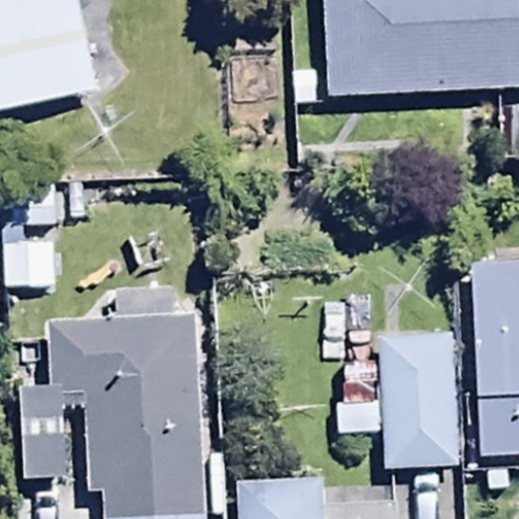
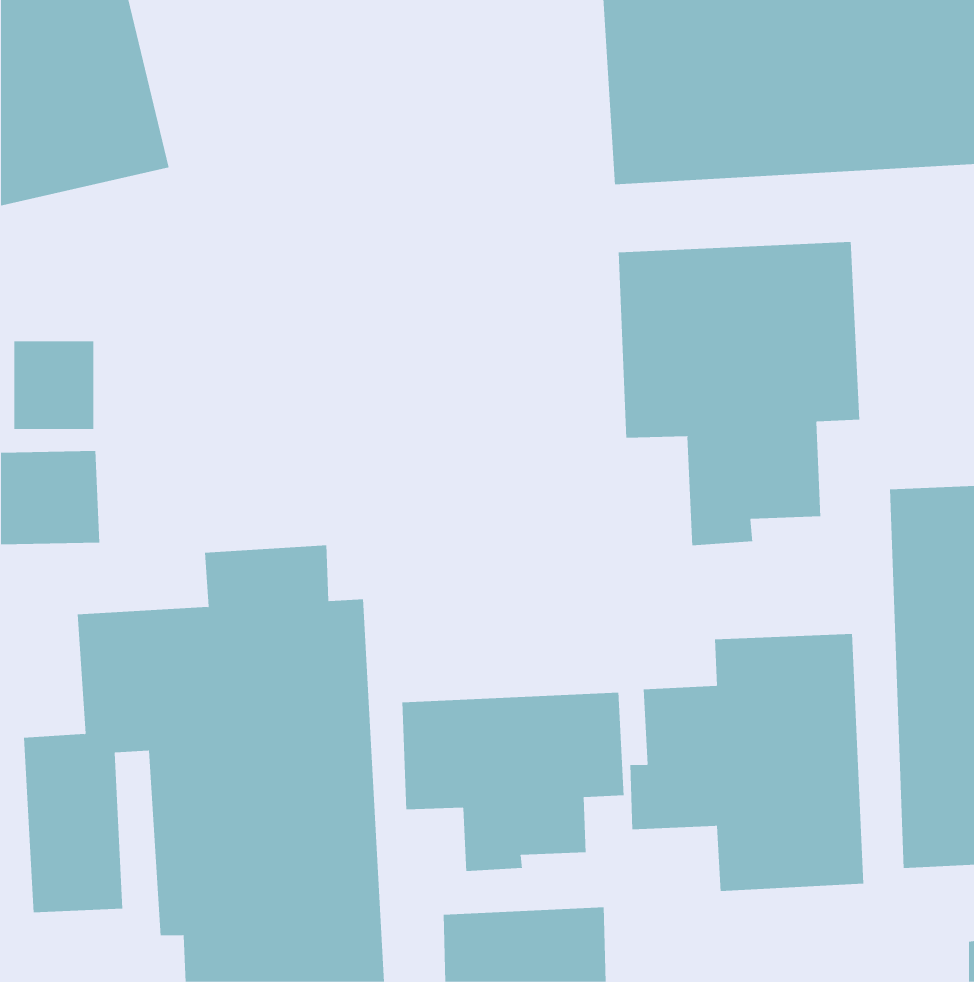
building: none -> [618,241,860,546]
building: none -> [402,692,624,872]

